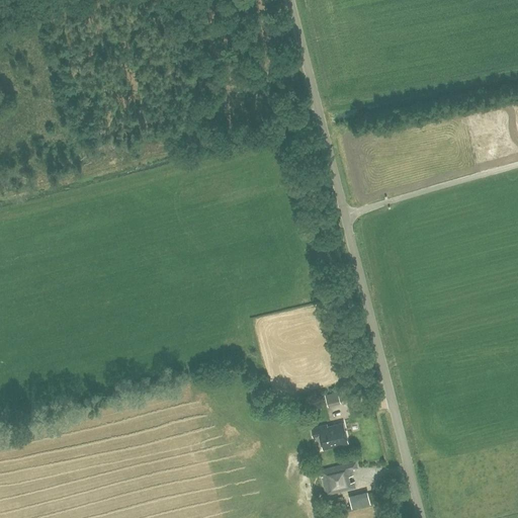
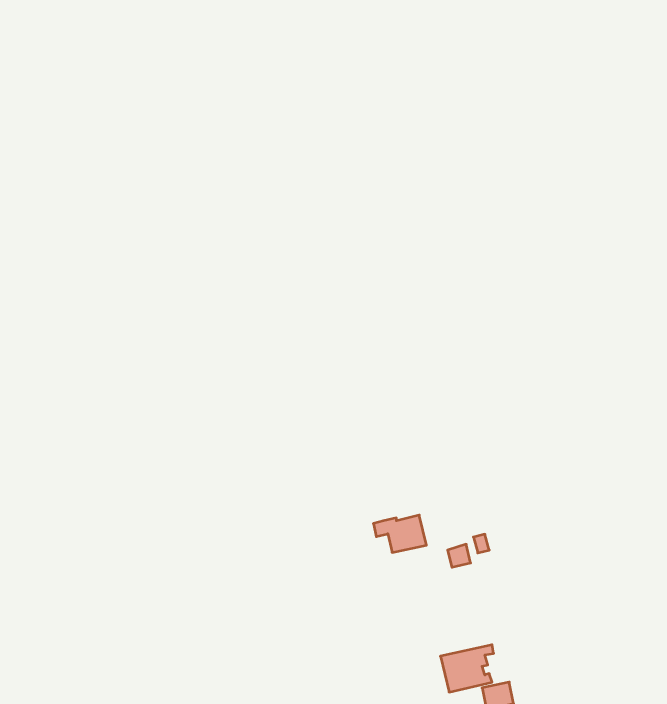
building: [310,423,347,449] -> [373,515,426,552]

